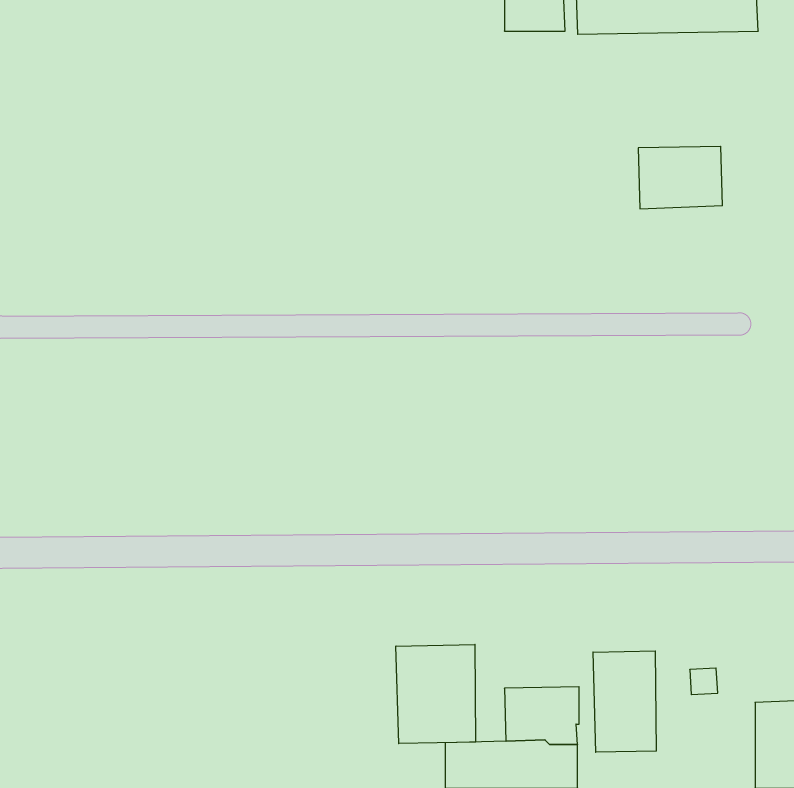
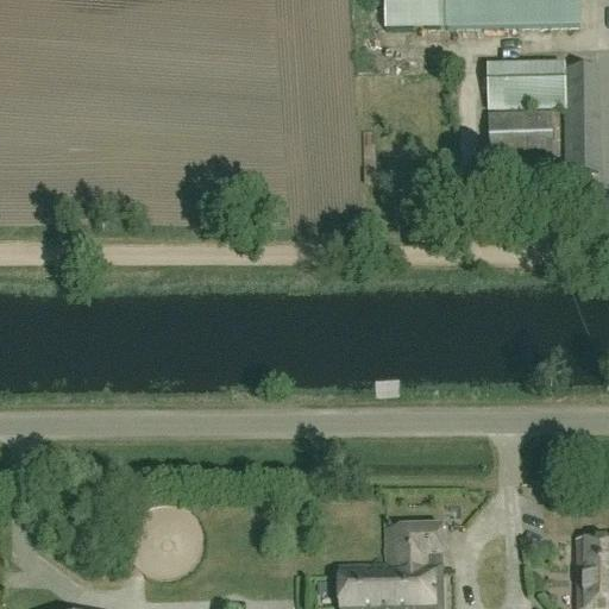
building: none -> [488,59,601,172]
building: [396,644,476,744] -> none
building: [593,651,656,752] -> none

